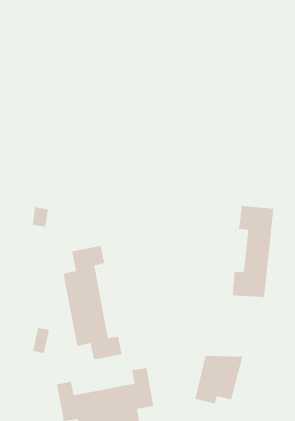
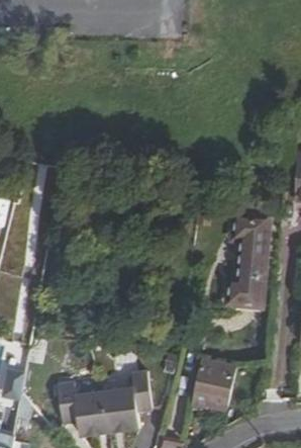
building: [63,245,122,360] -> none

